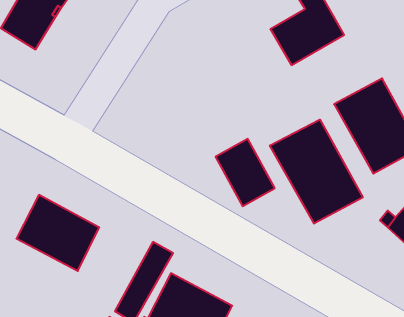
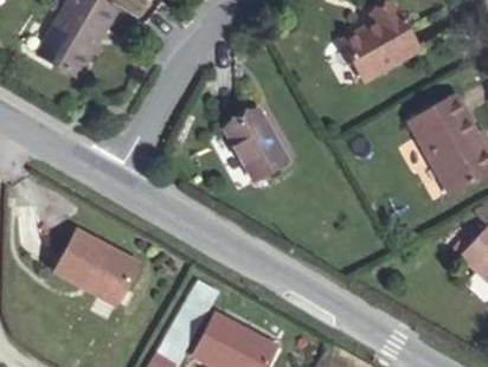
building: [270,120,363,224] -> none
building: [216,139,275,206] -> [226,105,289,176]

